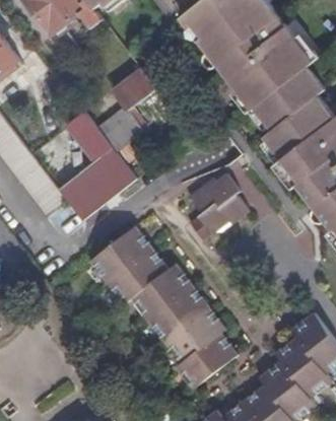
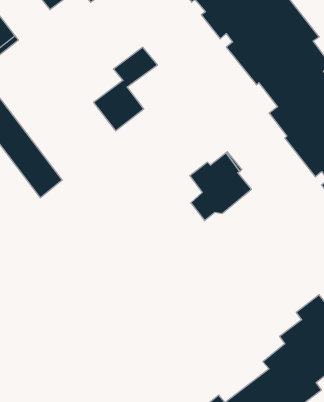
building: [56,111,134,220] -> none
building: [88,225,236,388] -> none

